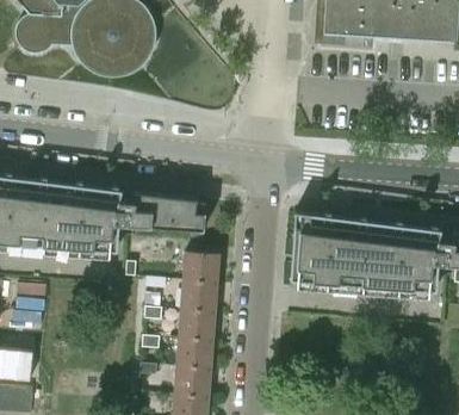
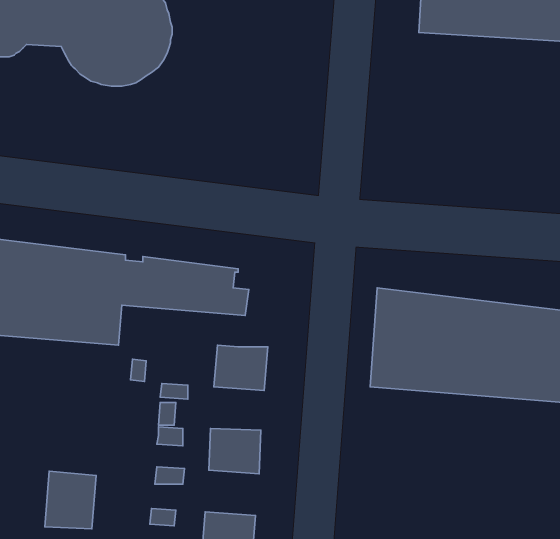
building: [180,279,217,309] -> none
building: [176,336,213,367] -> none
building: none -> [45,471,96,529]

